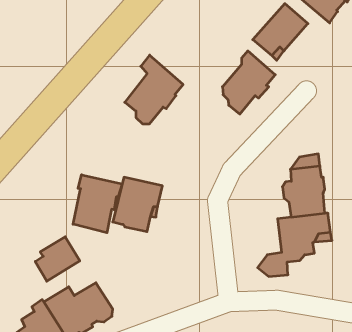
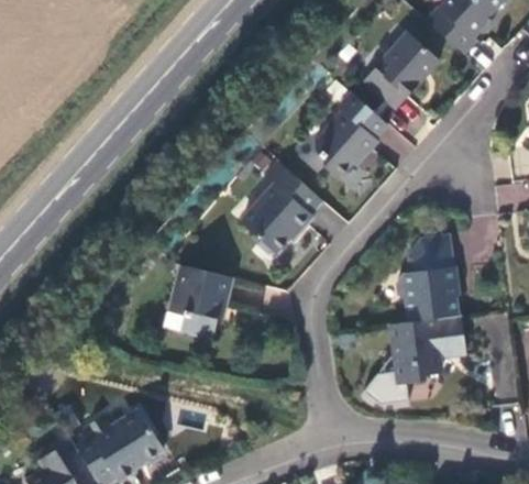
building: [125,55,183,124] -> [244,161,324,255]
building: [73,175,122,233] -> none
building: [35,237,80,281] -> none

